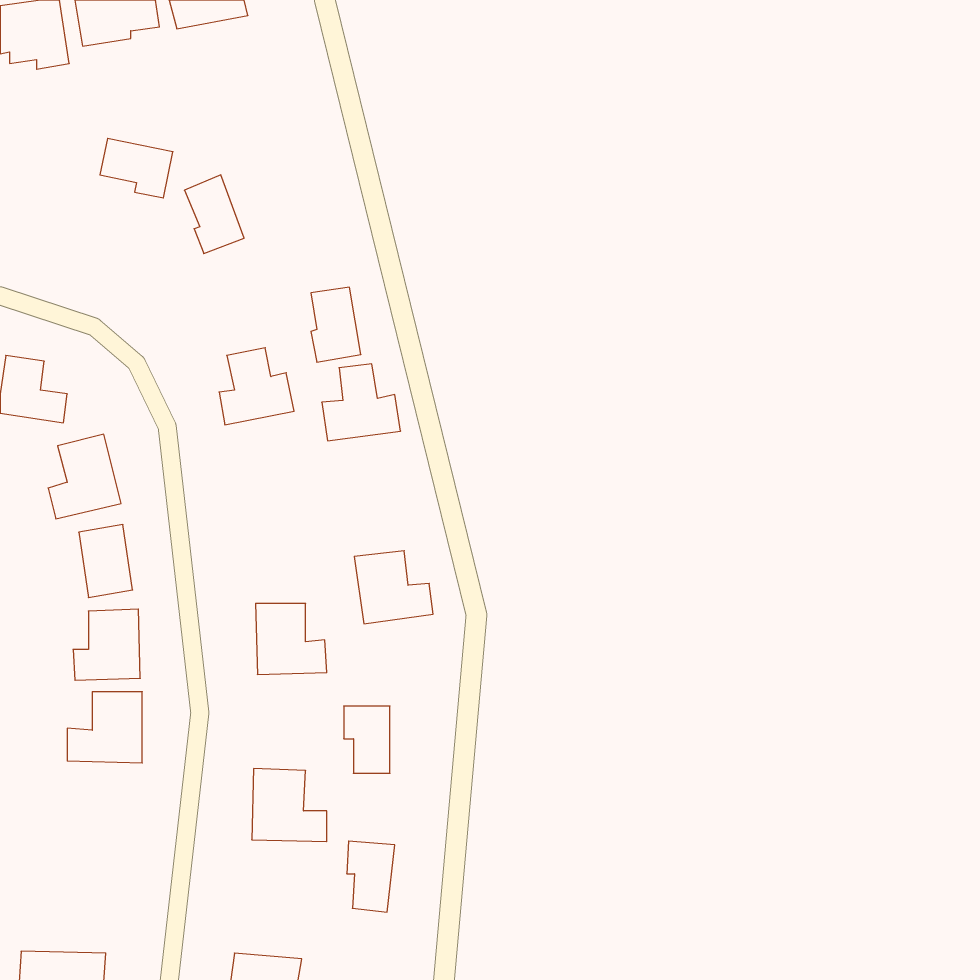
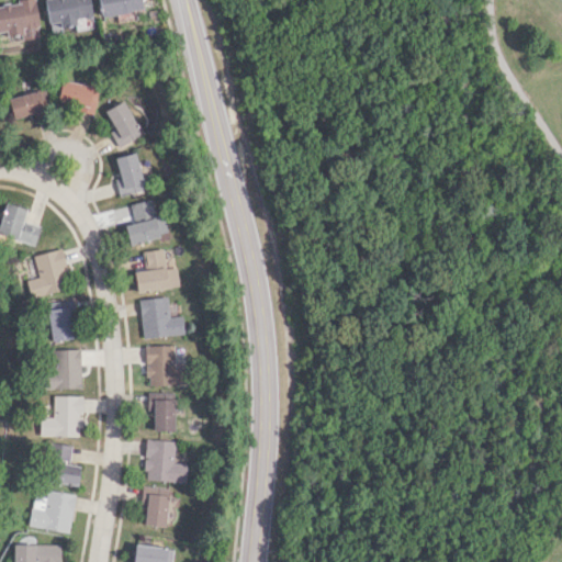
building: none -> [9,90,45,119]
building: [311,287,361,362] -> [116,154,145,196]
building: [322,364,401,441] -> [135,249,180,293]
building: [354,551,433,624] -> [140,297,186,339]
building: [344,706,390,773] -> [148,393,175,431]
building: none -> [46,443,80,485]
building: [347,841,395,912] -> [142,486,169,527]
building: none -> [30,492,75,532]

